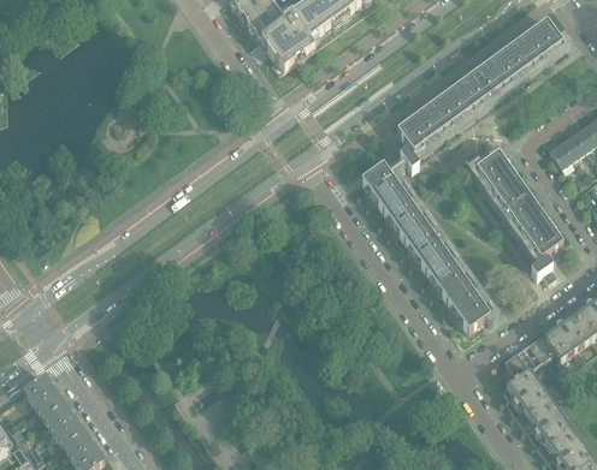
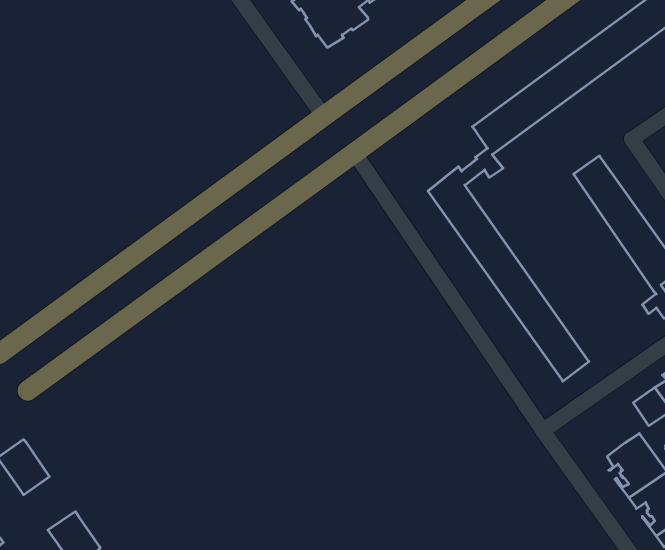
building: [504,345,536,376] -> none
building: [45,403,85,445] -> none

